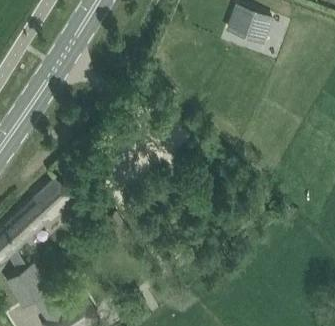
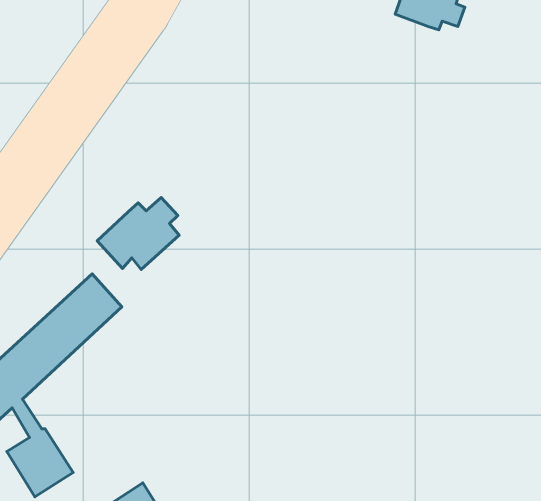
building: none -> [97,198,179,270]

